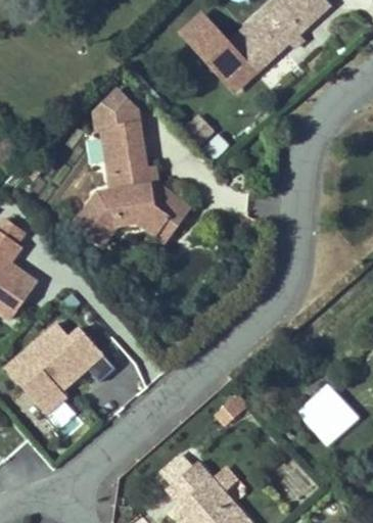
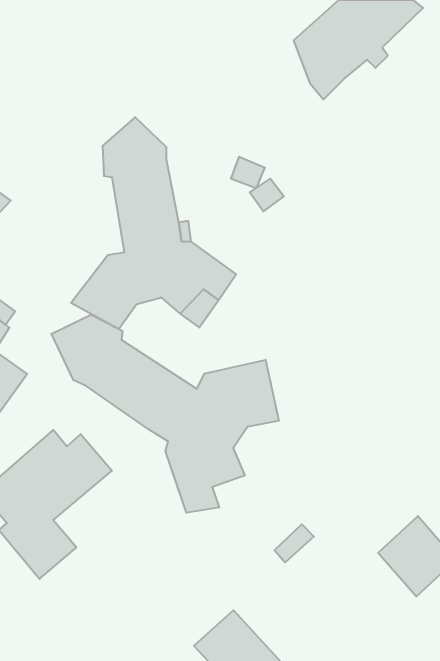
building: [178,11,259,96] -> none
building: none -> [51,315,279,513]

